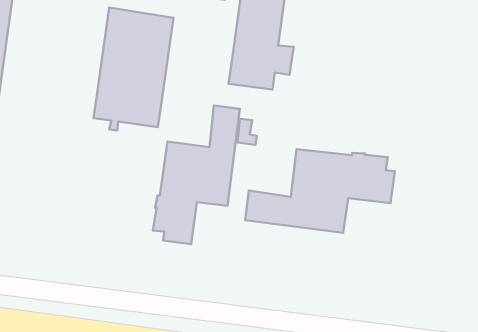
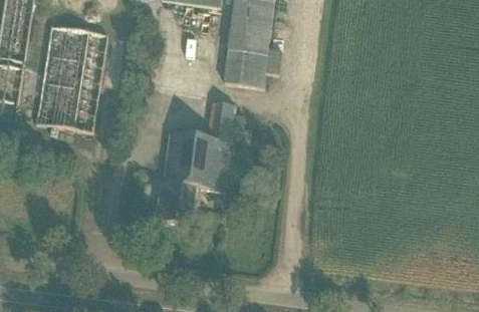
building: [93,8,174,131] -> [34,24,105,133]
building: [245,149,395,233] -> none

